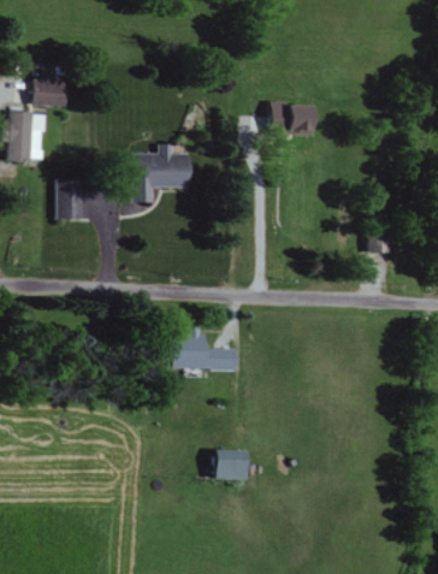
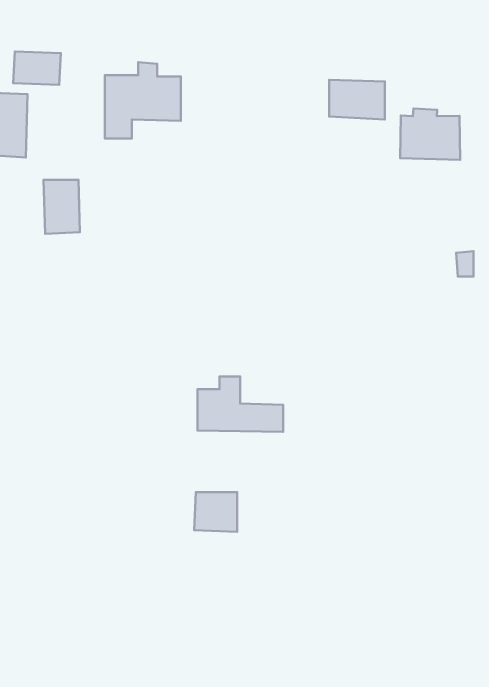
building: none -> [400,109,460,160]
building: [132,143,190,201] -> [105,62,181,138]
building: [215,450,248,480] -> [194,492,237,532]

